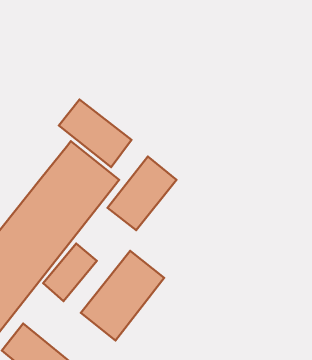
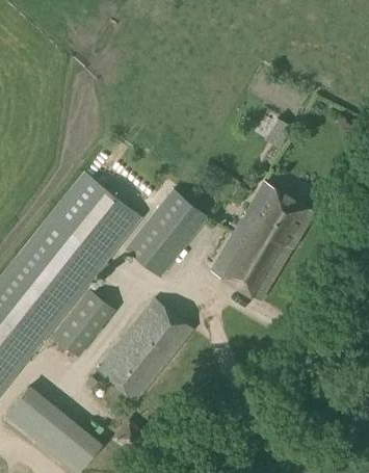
building: [59,99,131,167] -> none
building: none -> [211,182,316,301]

